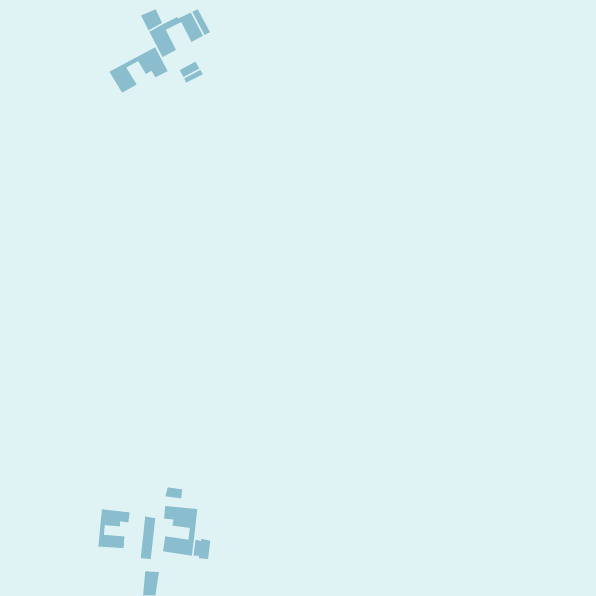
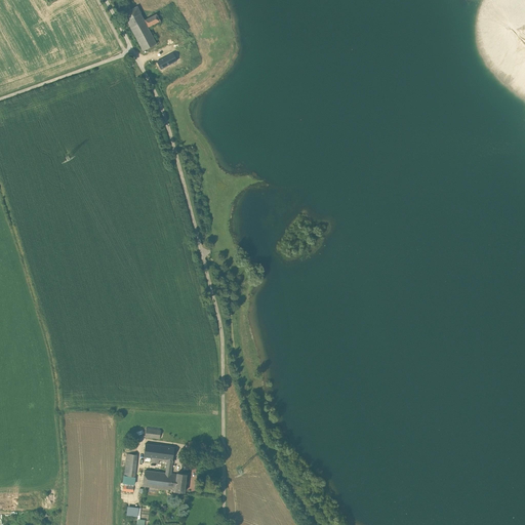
building: [108,46,169,94] -> none
building: [98,509,131,549] -> none

